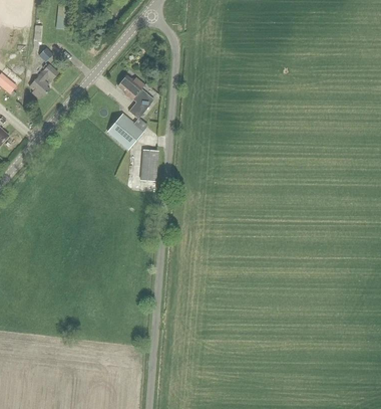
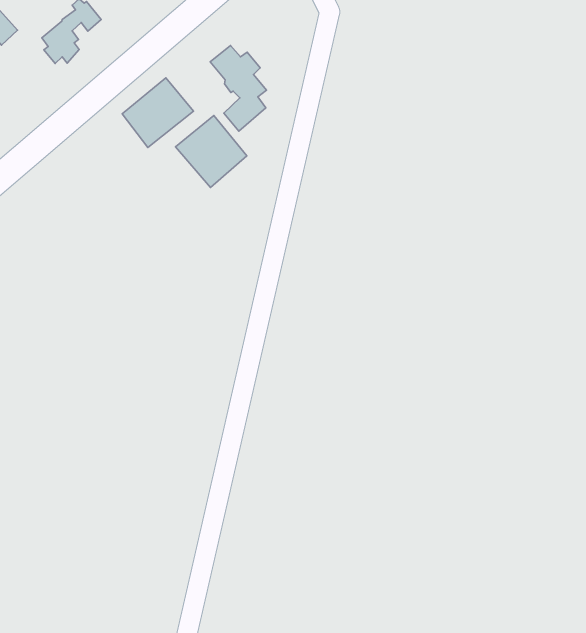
building: none -> [122,78,193,148]
building: [141,149,158,181] -> none

